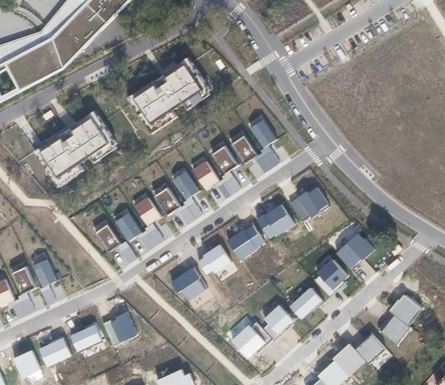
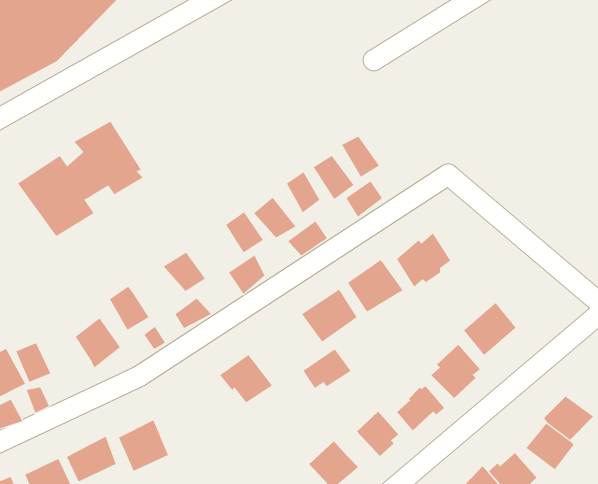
building: [129,56,212,129] -> none
building: [154,186,181,214] -> none
building: [112,211,143,245] -> [75,318,121,368]
building: [197,246,230,273] -> [302,349,352,389]

